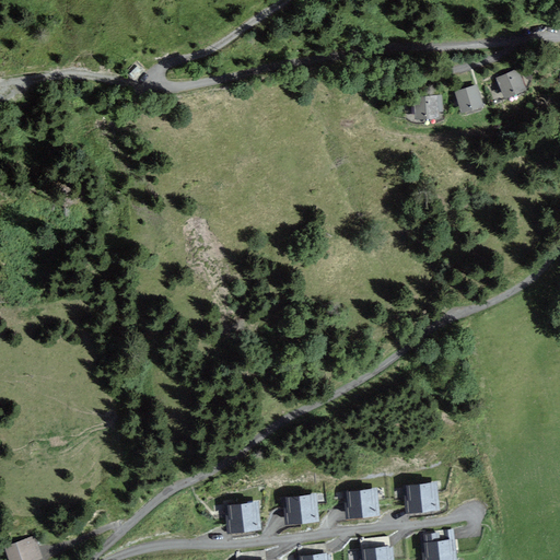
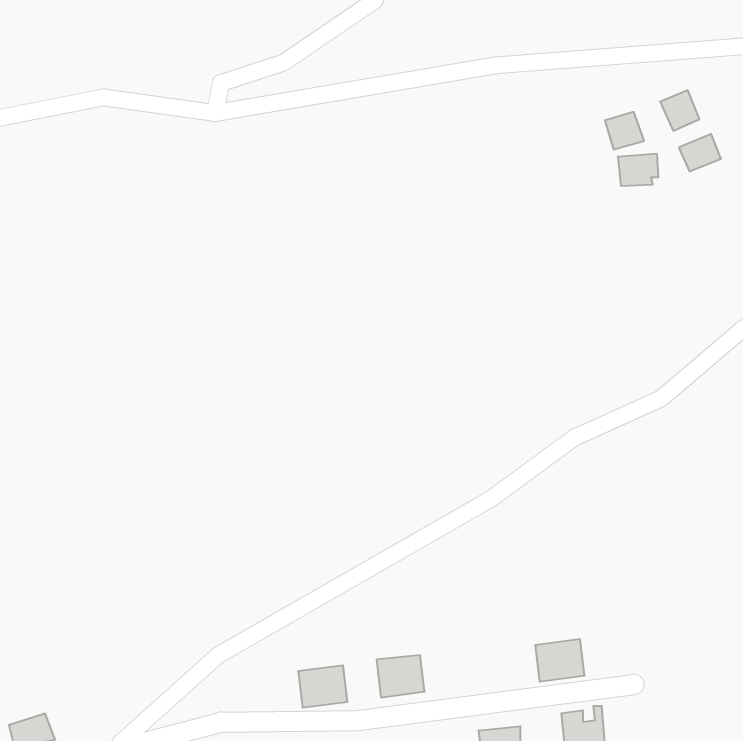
building: [413,95,444,119] -> [618,154,659,186]
building: none -> [679,134,721,172]
building: [343,489,381,520] -> none

